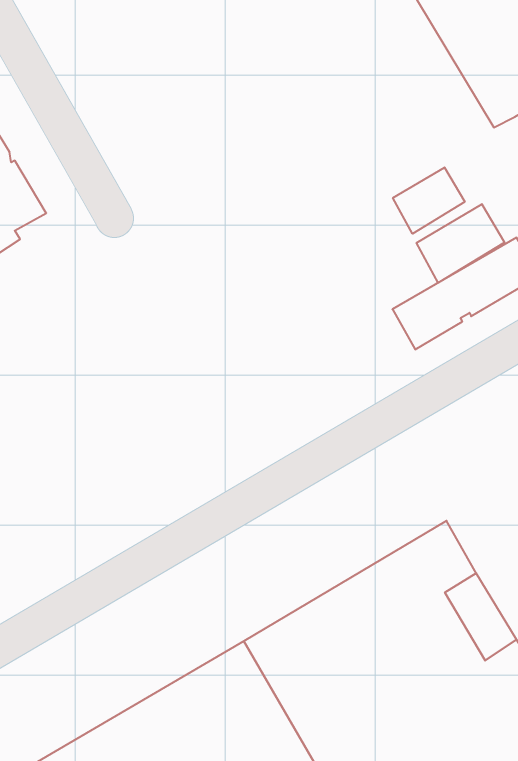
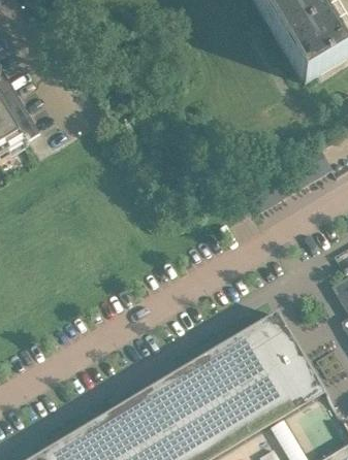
building: [393,167,465,234] -> none
building: [417,204,504,283] -> none

